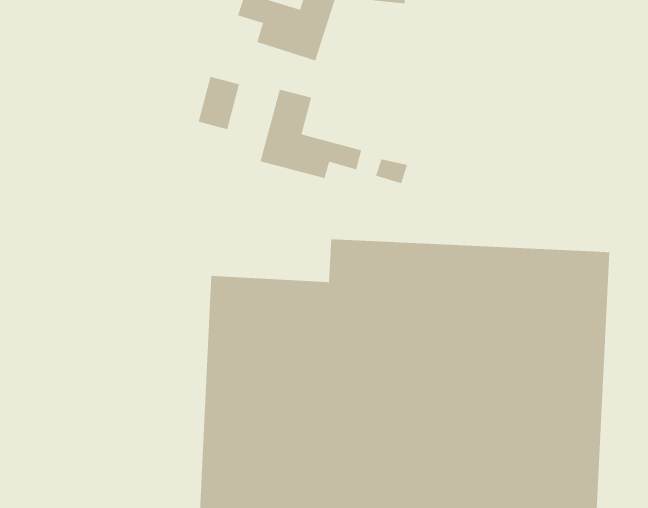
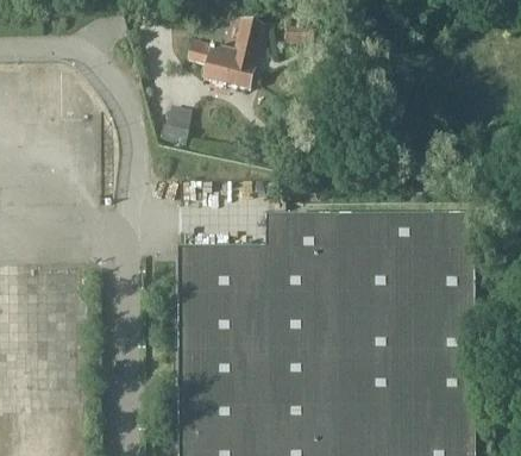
building: [260,89,362,179] -> none

